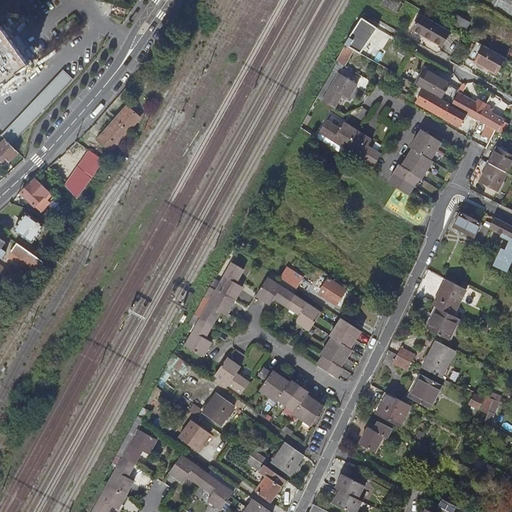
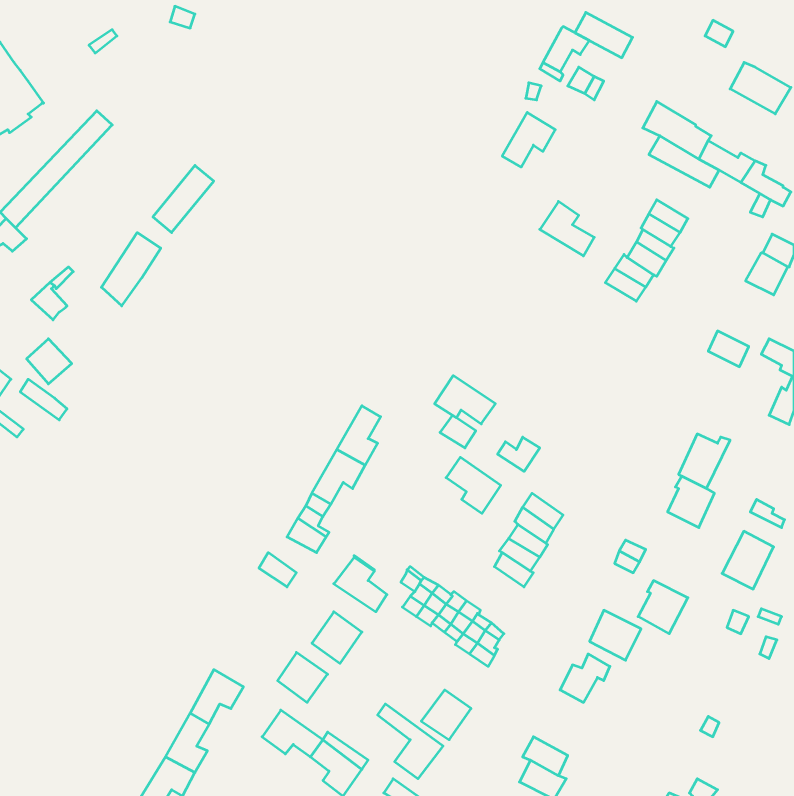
building: [412,16,449,45] -> [575,12,633,58]
building: [319,120,358,148] -> none
building: [256,276,295,307] -> [435,376,495,424]
building: [422,340,455,377] -> [722,531,774,589]

